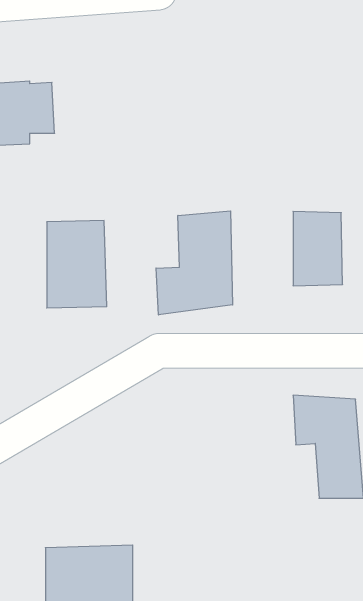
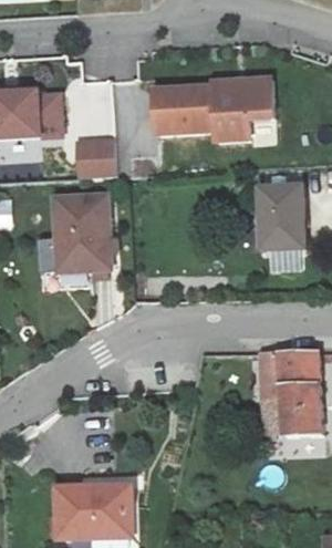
building: none -> [149,72,271,137]
building: none -> [73,130,113,172]
building: [156,211,233,315] -> none

